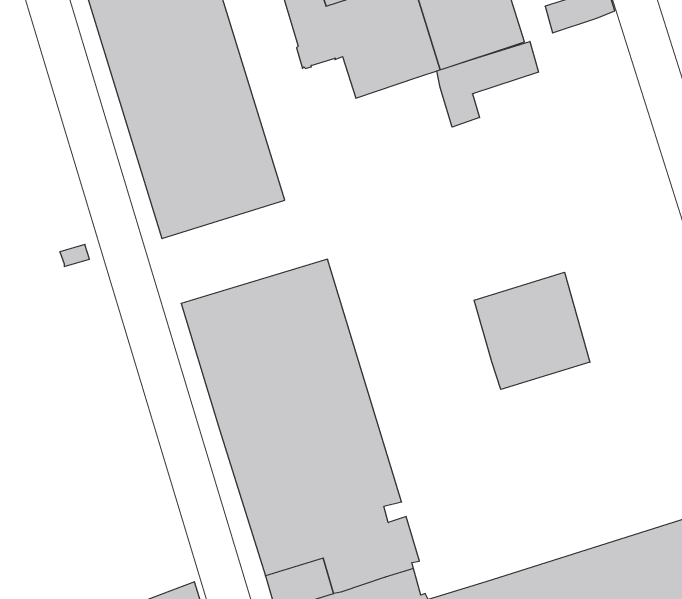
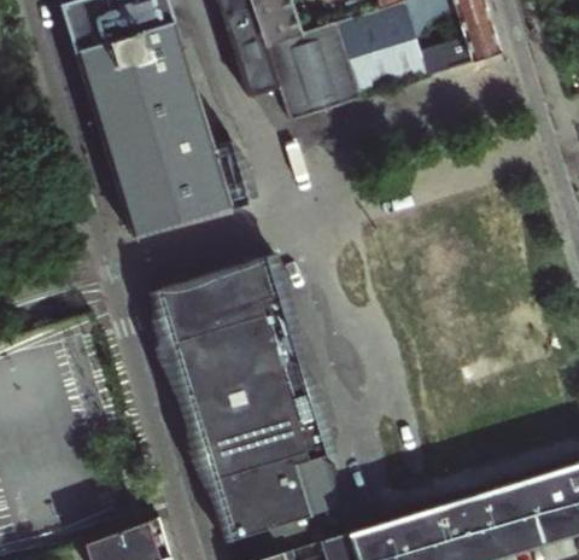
building: [437,41,539,127] -> none
building: [474,272,590,389] -> none

